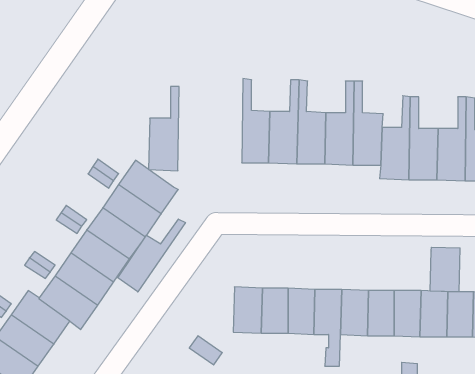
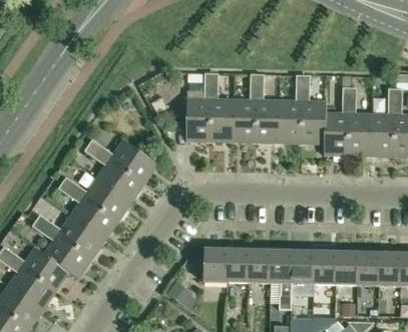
building: [149,87,179,171] -> [185,72,211,141]
building: [118,219,185,292] -> none
building: [430,247,460,292] -> none

